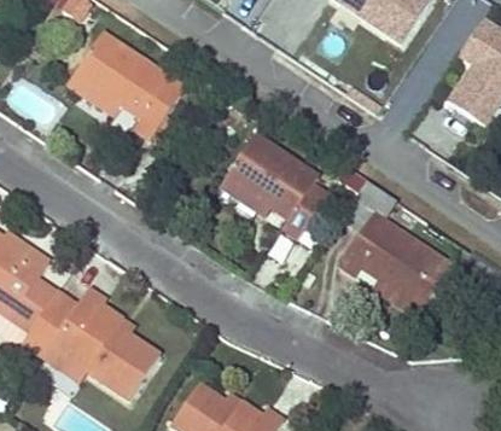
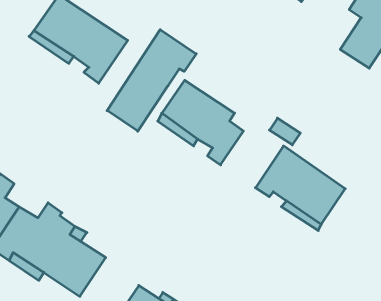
building: none -> [107,30,196,131]

